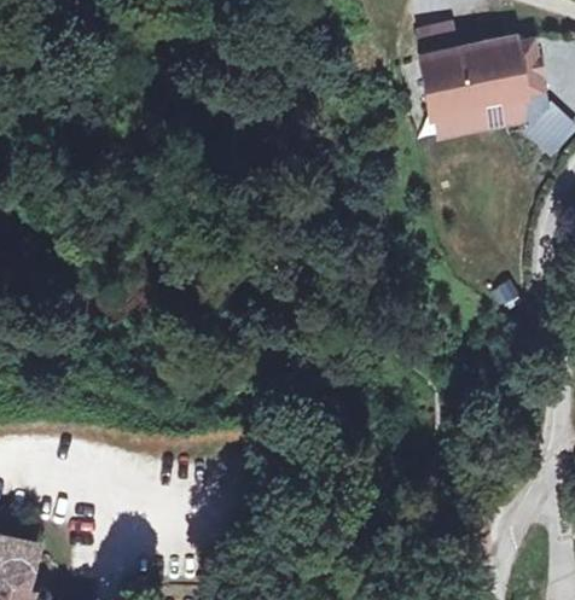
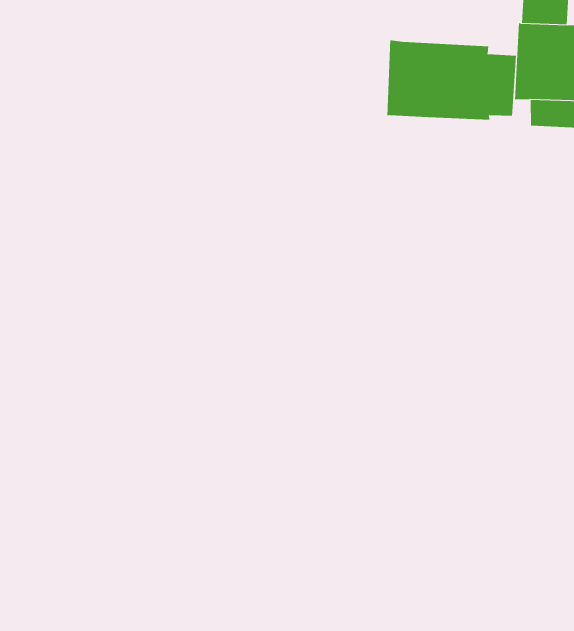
building: none -> [387,40,516,120]

